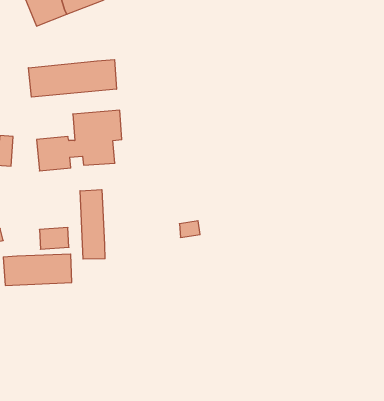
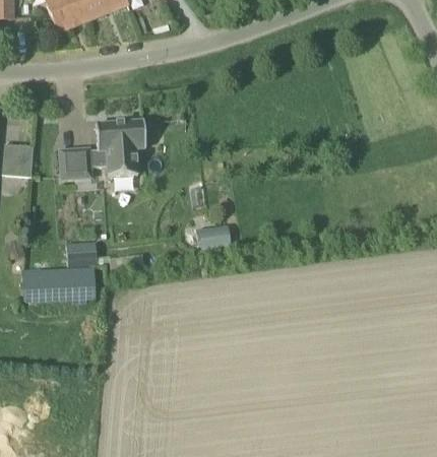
building: [28,60,116,97] -> none
building: [80,190,105,259] -> none

